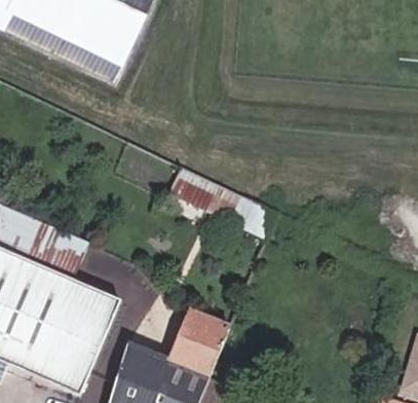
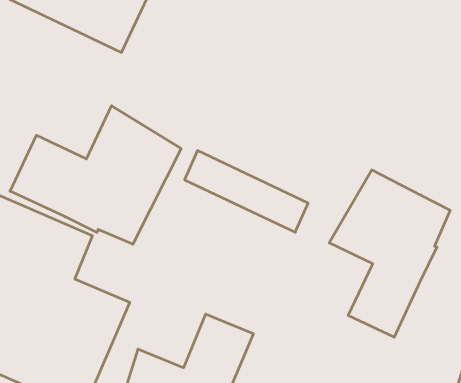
building: none -> [10,106,181,244]
building: none -> [329,170,450,337]

